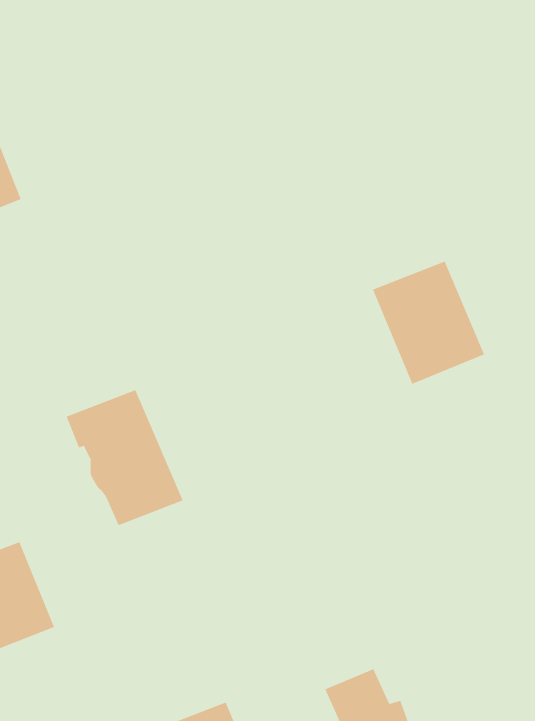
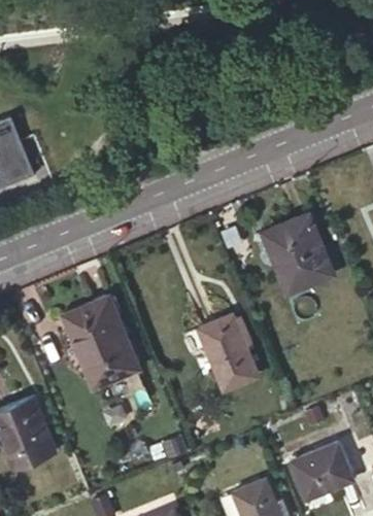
building: none -> [200,314,265,392]
building: none -> [289,443,351,500]

